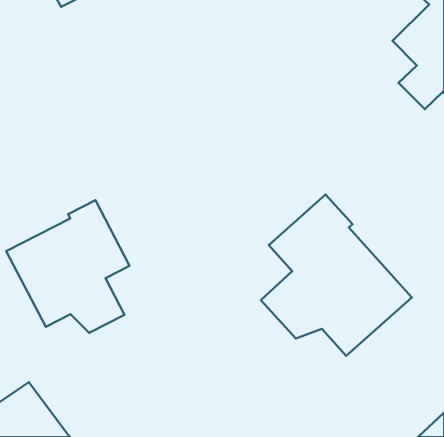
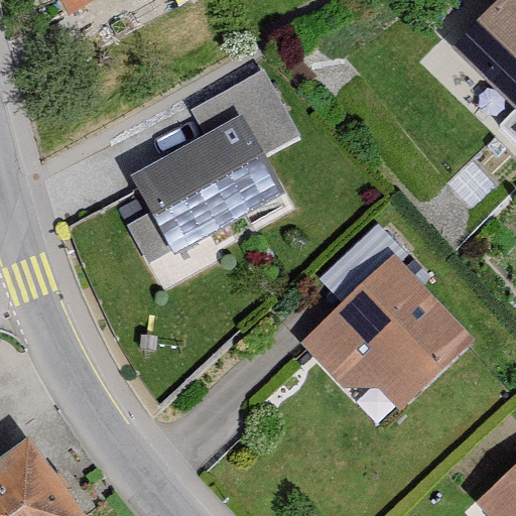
building: none -> [139,71,296,249]
building: [6,200,130,333] -> none

